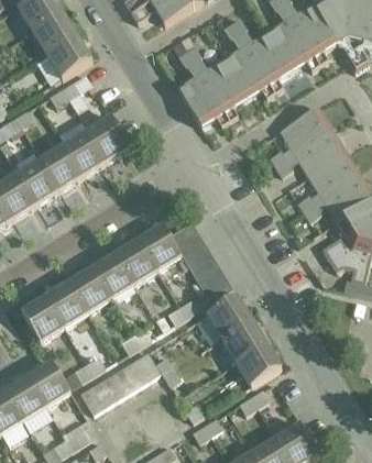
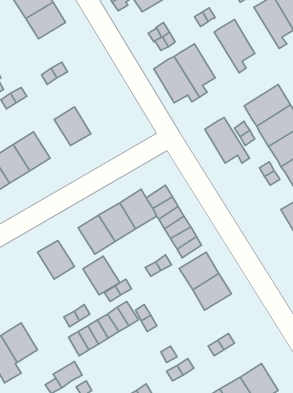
building: [269,18,319,70] -> none
building: [46,35,91,78] -> none
building: [223,46,274,98] -> [205,118,250,163]
building: [87,115,130,162] -> none
building: [41,145,83,189] -> none
building: [68,268,110,312] -> [83,256,120,295]
building: [21,296,64,341] -> none
building: [234,343,280,386] -> none
building: [26,362,69,407] -> none

